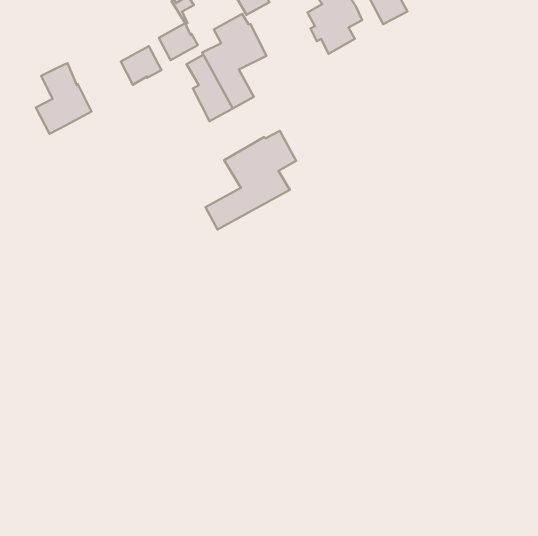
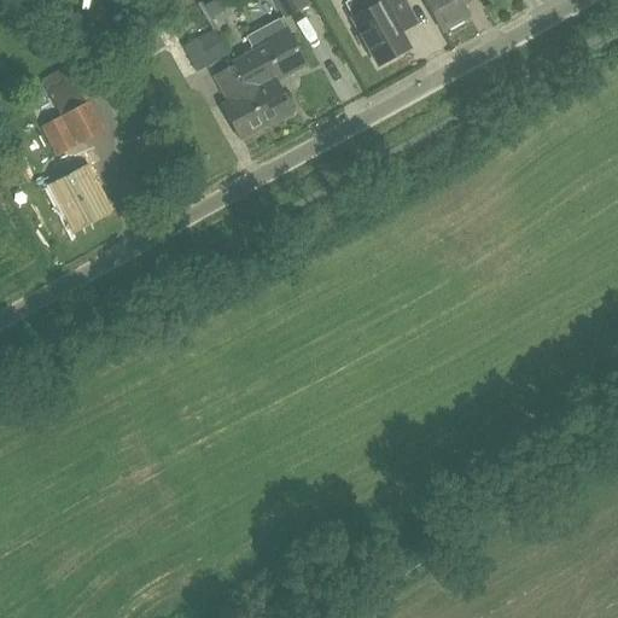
building: [121,46,162,85] -> none
building: [205,131,296,229] -> none
building: none -> [47,162,112,229]

